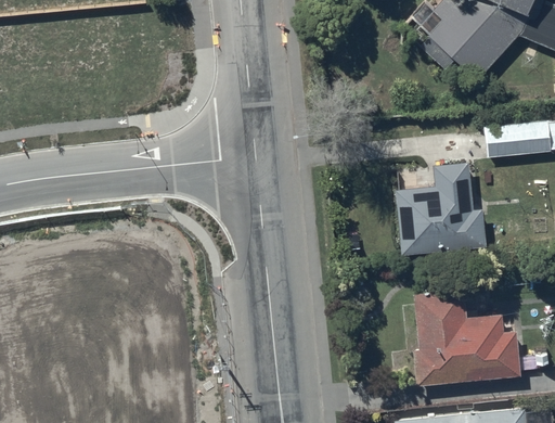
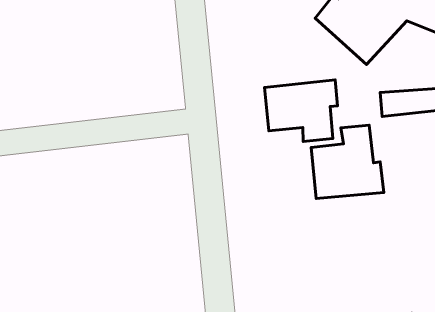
building: none -> [264,80,337,142]
building: [413,295,522,384] -> none

